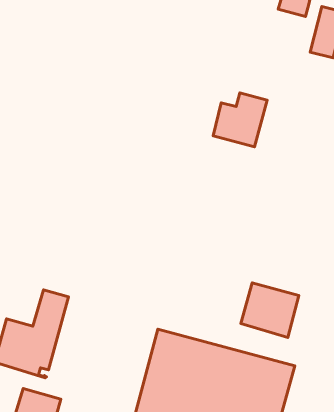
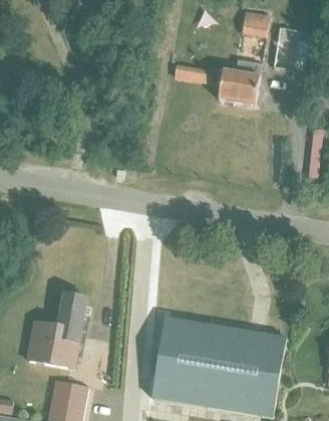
building: [213,93,267,147] -> [219,59,262,104]
building: [241,283,299,338] -> none

